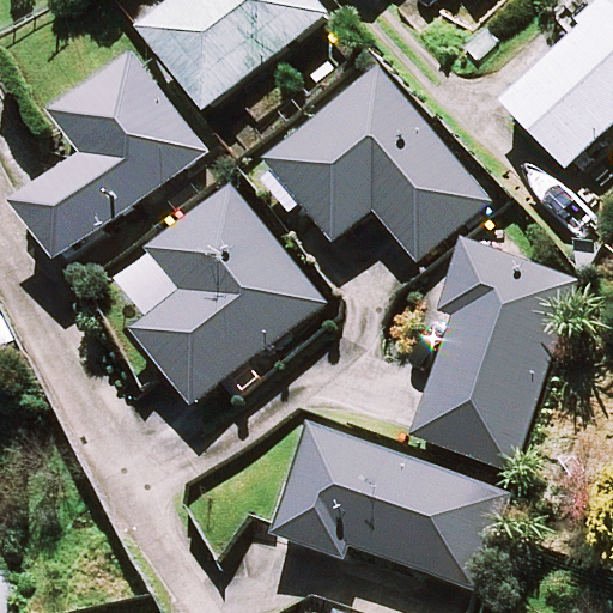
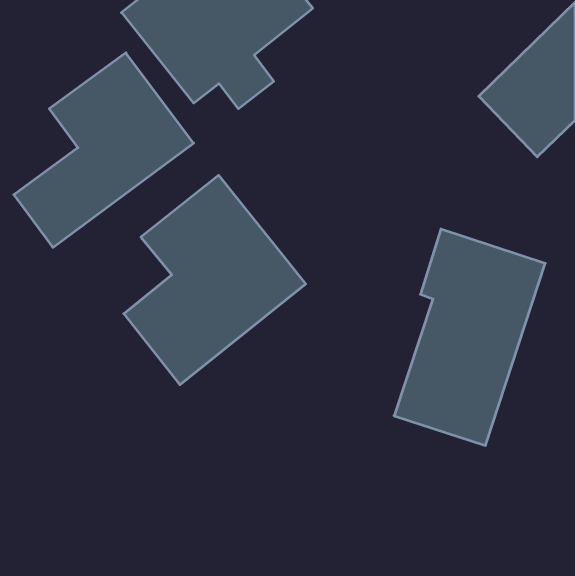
building: [269,71,486,259] -> none
building: [274,424,497,581] -> none

